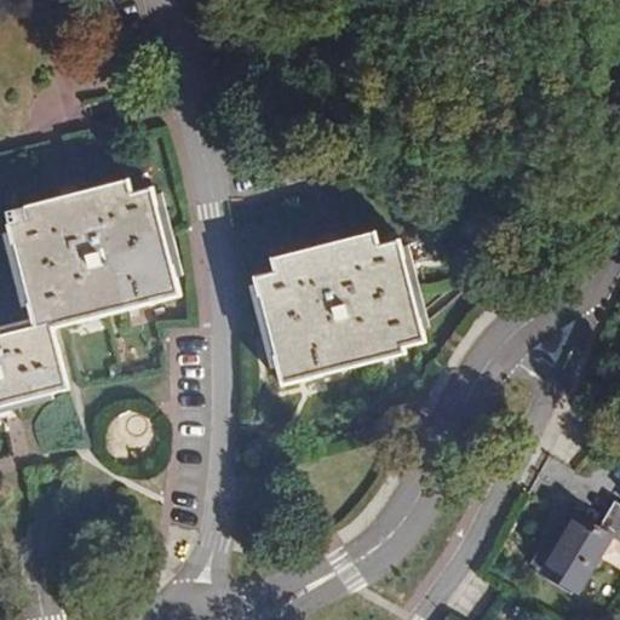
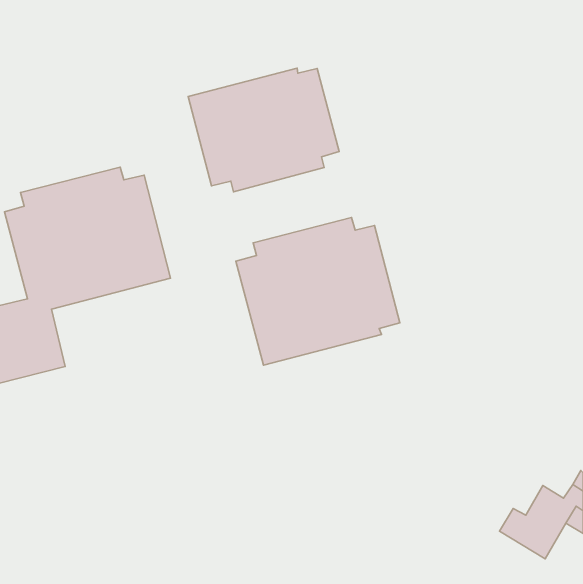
building: none -> [188,68,339,192]

